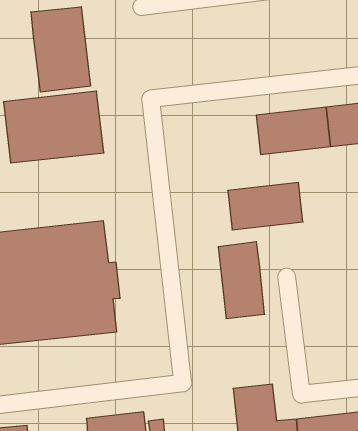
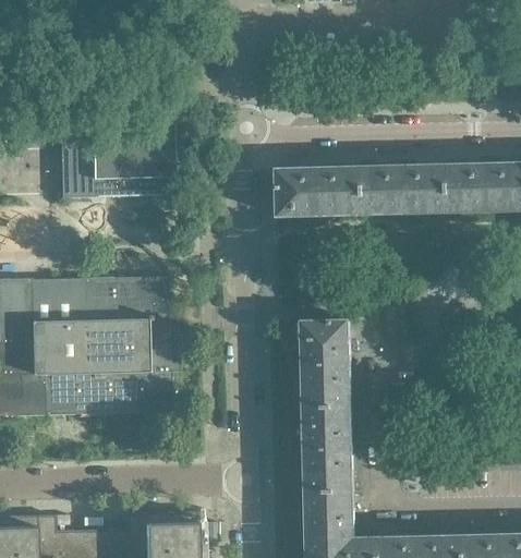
building: [31,7,91,92] -> none
building: [228,183,303,230] -> [272,166,360,216]
building: none -> [301,407,350,493]

